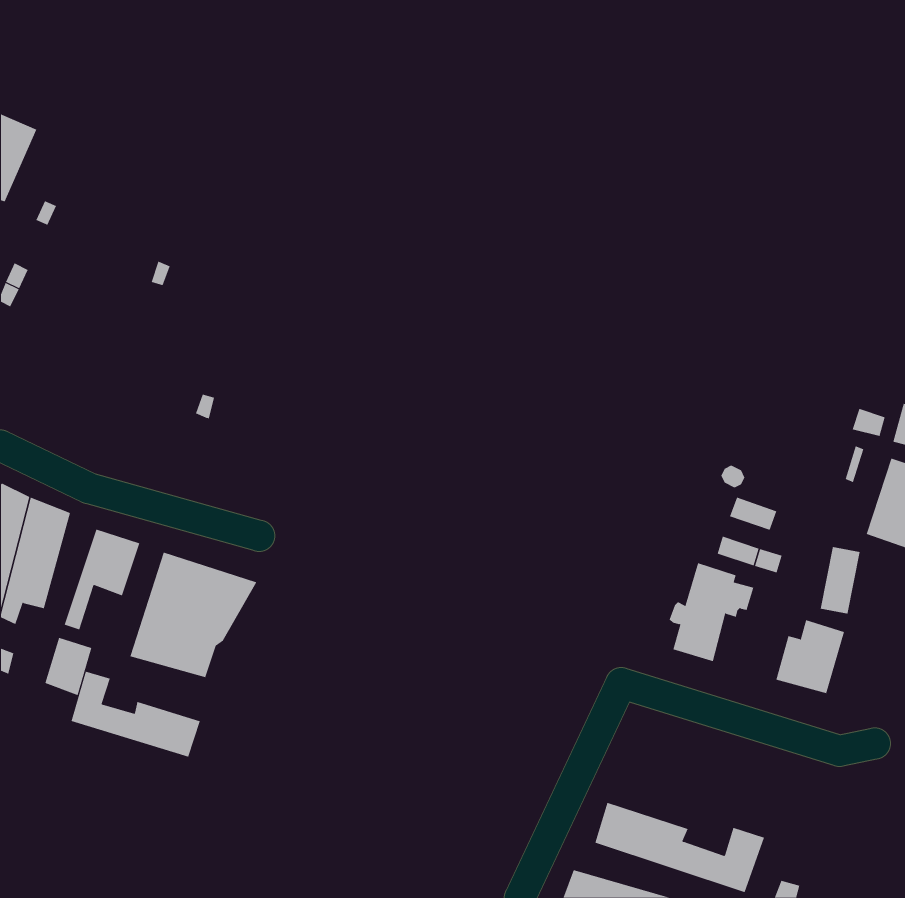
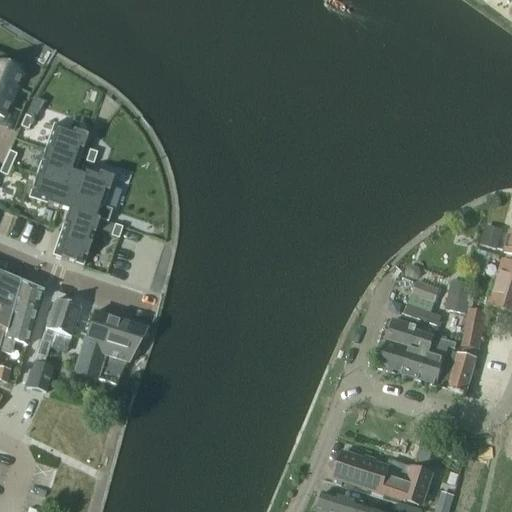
building: none -> [28,122,112,264]
building: none -> [446,278,472,312]
building: none -> [403,331,455,383]
building: [71,671,201,758] -> none

